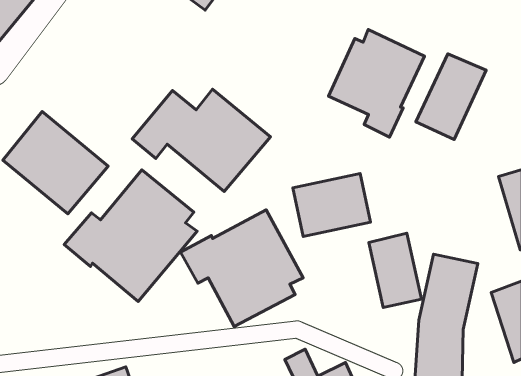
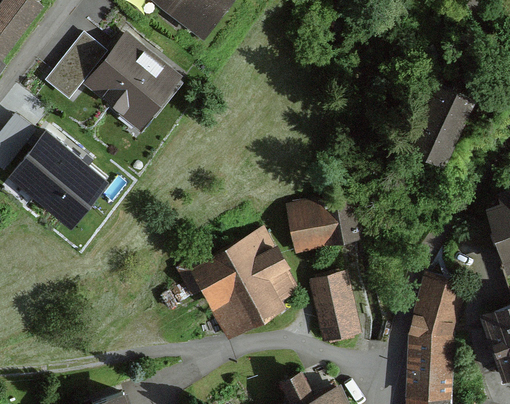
building: [328,30,424,137] -> none
building: [132,89,270,192] -> [48,36,182,135]
building: [64,170,197,301] -> none
building: [369,233,421,307] -> [309,273,360,345]

